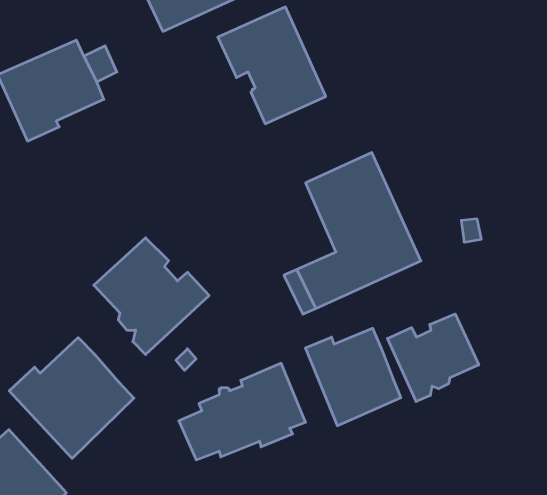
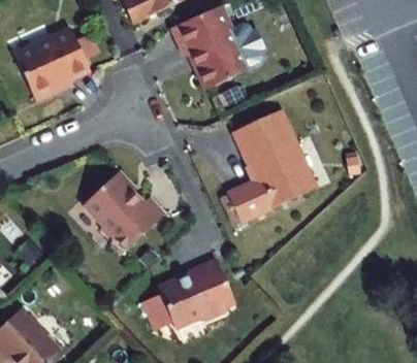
building: [387,314,479,402] -> none
building: [306,328,401,426] -> none
building: [9,338,134,458] -> none

